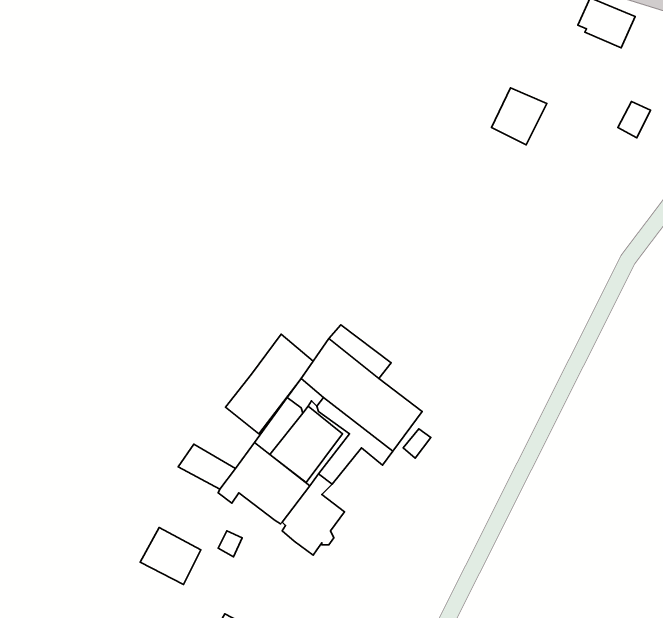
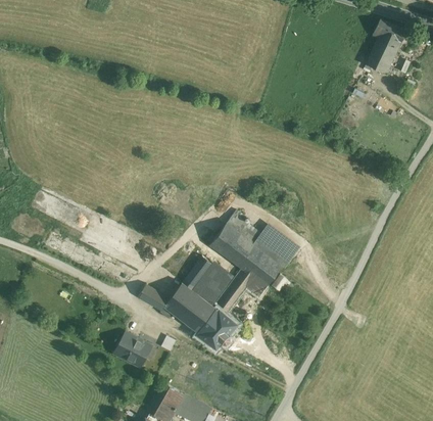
building: [492,88,547,145] -> [366,42,398,76]
building: [226,334,313,434] -> none
building: none -> [255,226,300,269]

